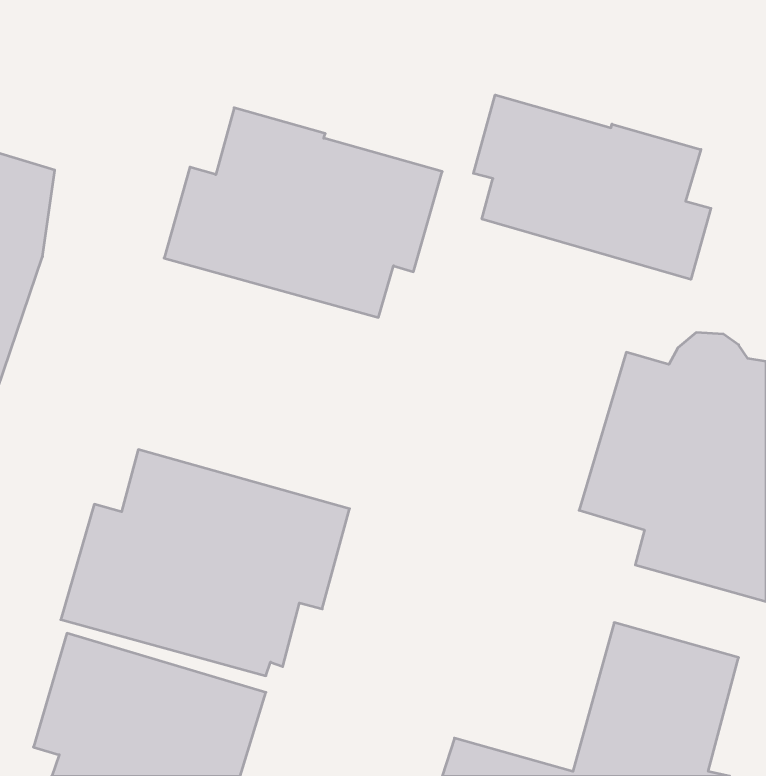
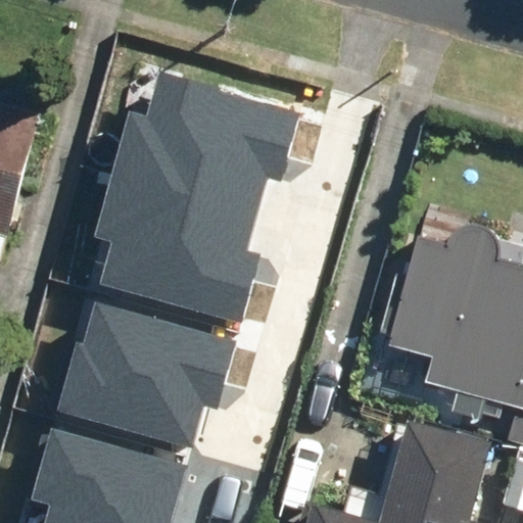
building: [473,95,711,279] -> none
building: none -> [92,174,258,324]

